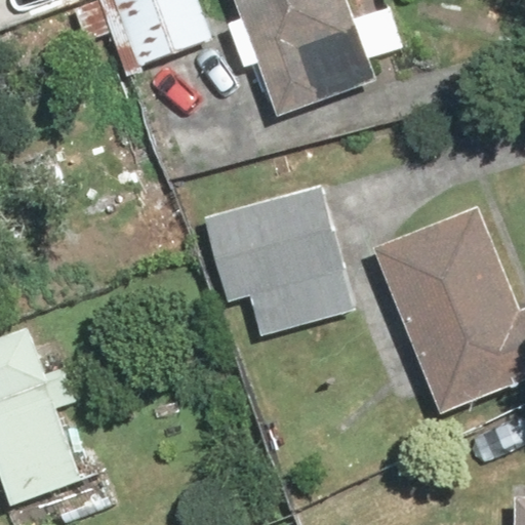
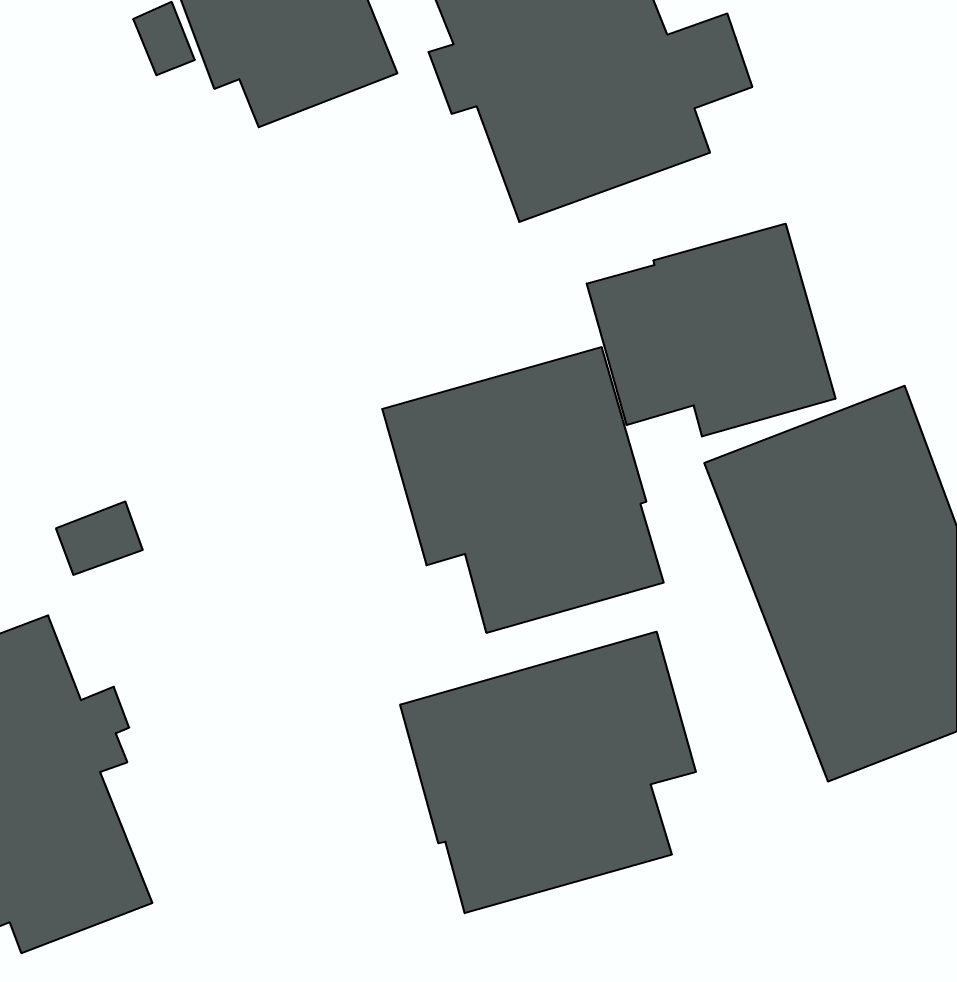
building: none -> [587,224,835,437]
building: none -> [400,632,696,913]

